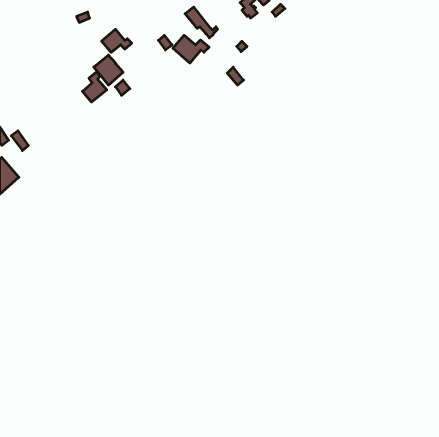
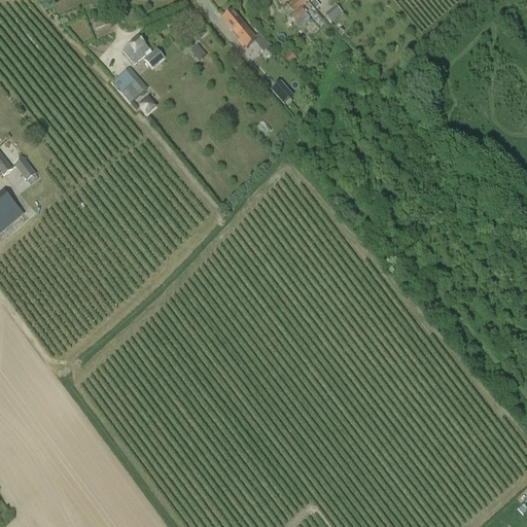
building: [173,35,209,63] -> none
building: [82,72,107,102] -> none

